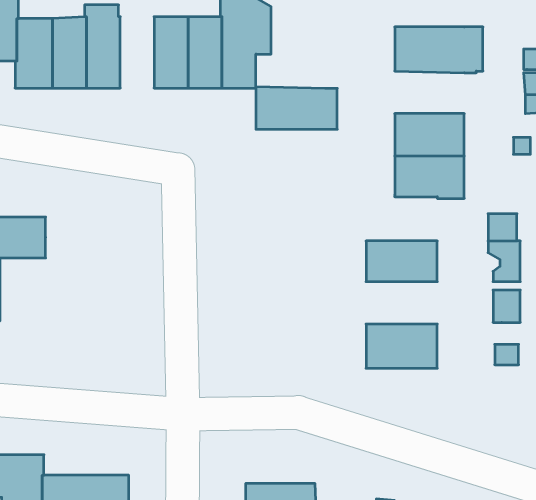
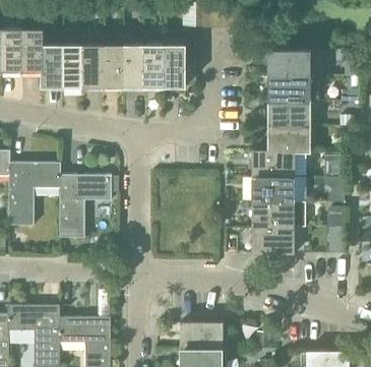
building: none -> [105,44,125,86]
building: [256,87,337,129] -> [269,76,318,102]
building: none -> [252,150,295,178]
building: none -> [59,176,112,238]
building: none -> [252,202,306,228]

